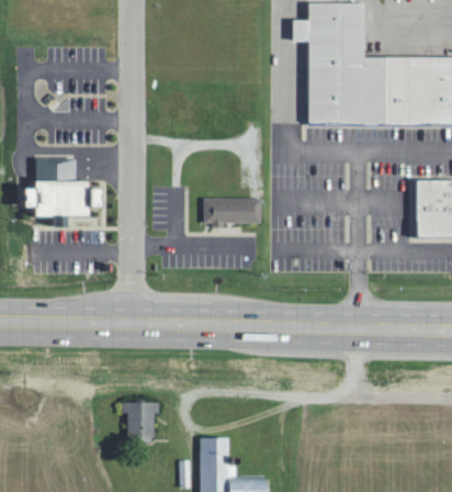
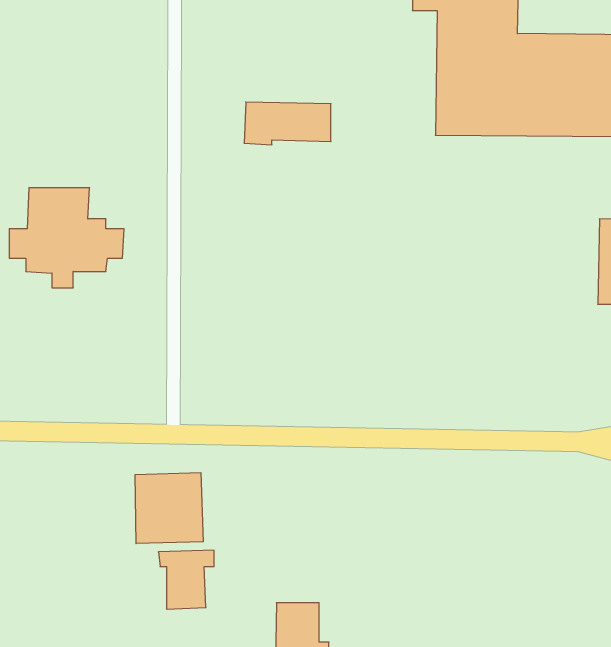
building: [204,198,262,226] -> [244,102,331,145]
building: none -> [135,473,203,544]

